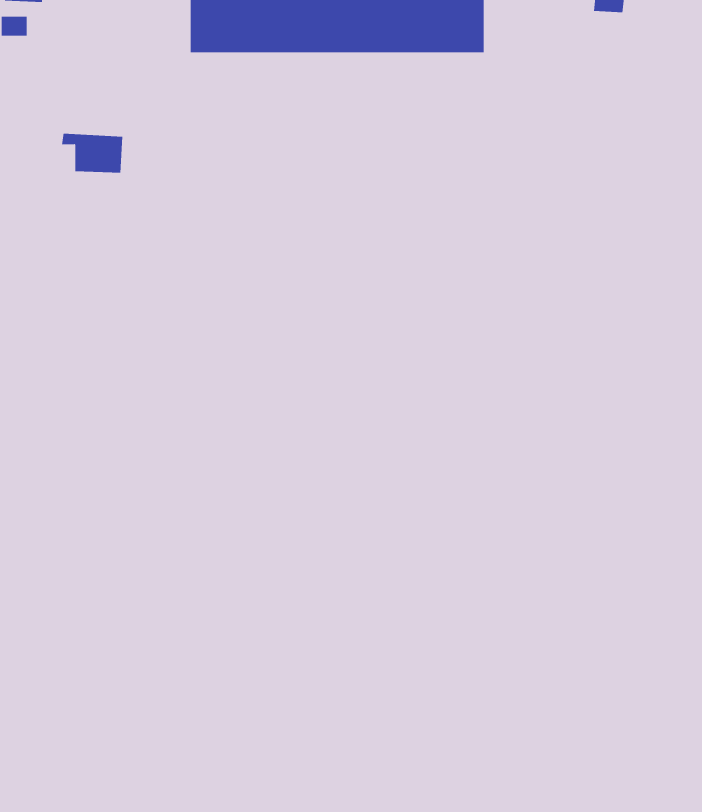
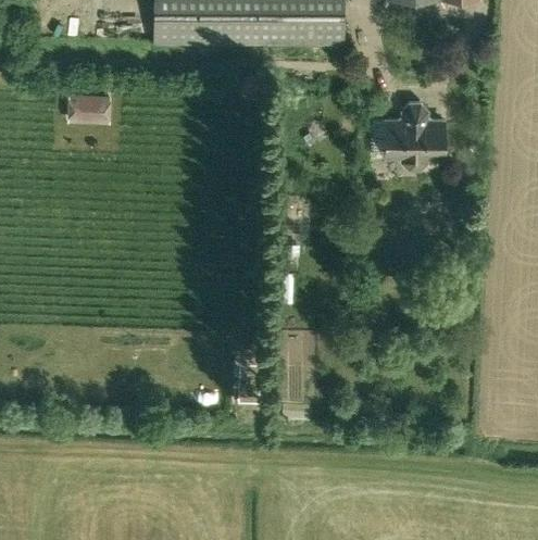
building: none -> [386,102,445,167]

